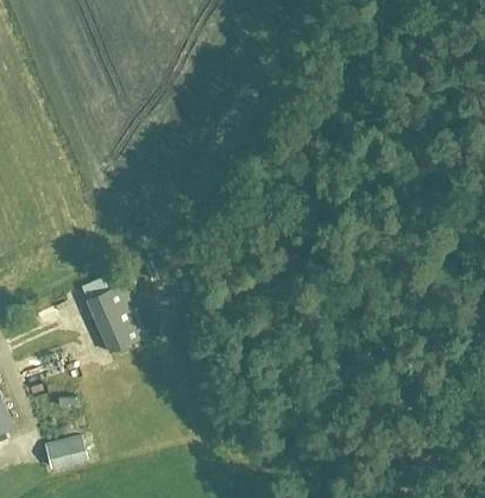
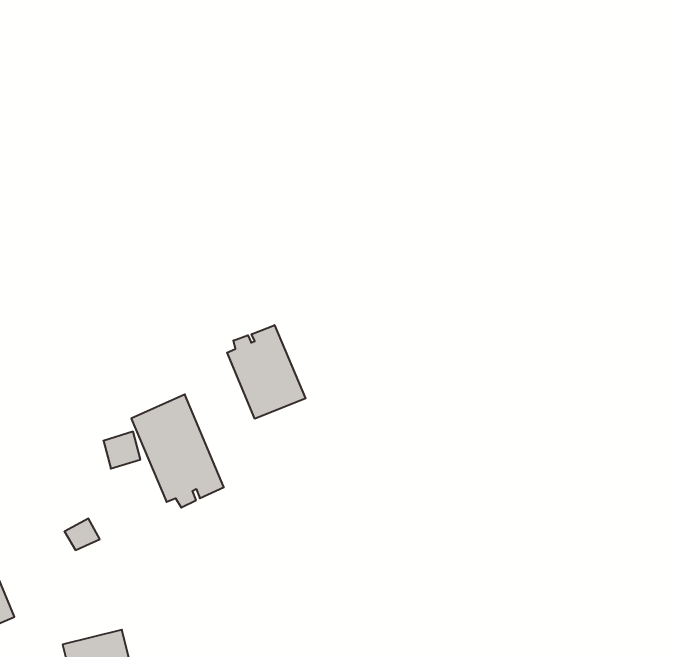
building: none -> [227,325,306,419]

